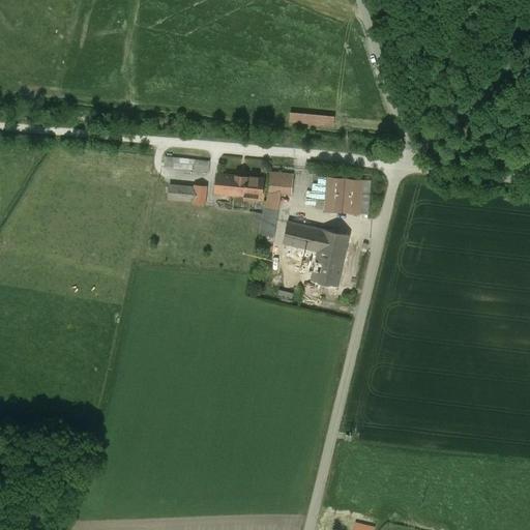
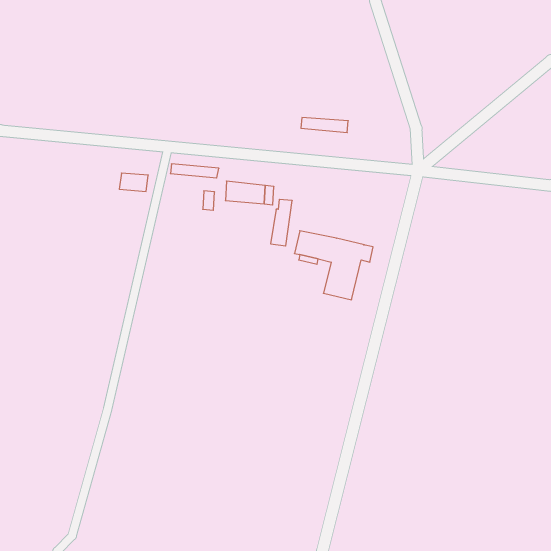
building: [268,172,294,194] -> none
building: [326,177,362,213] -> none
building: [168,184,196,202] -> [119,173,148,191]

